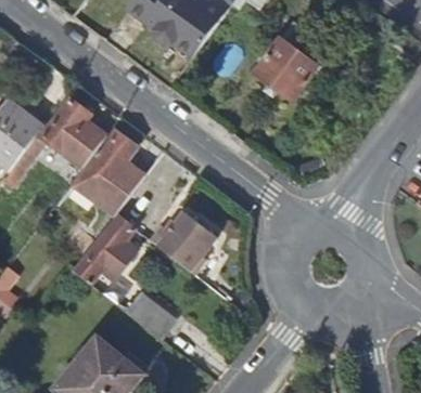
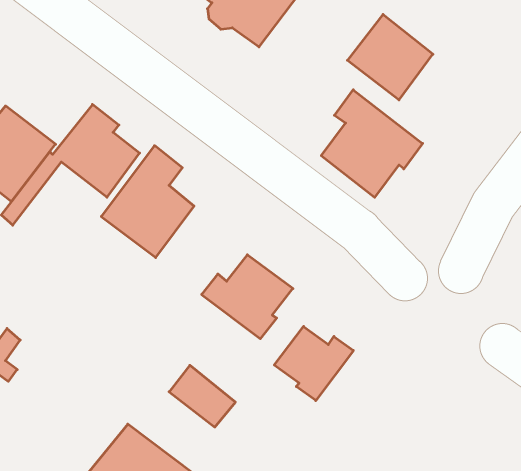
building: none -> [321,90,423,197]
building: [73,213,132,284] -> none
building: none -> [274,326,353,401]

